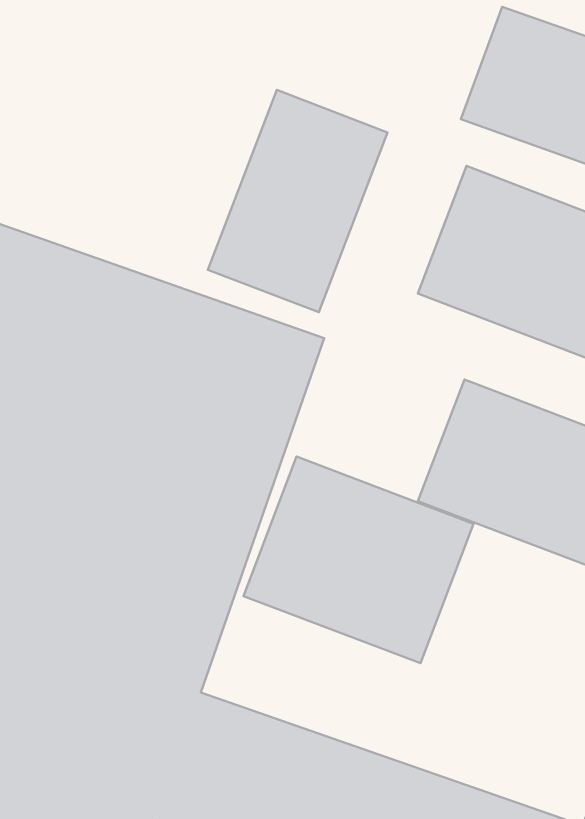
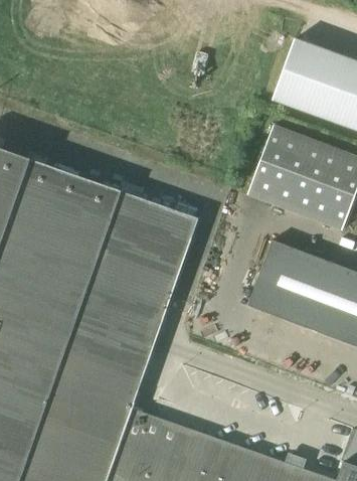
building: [208,90,388,312] -> none
building: [244,457,473,663] -> none

